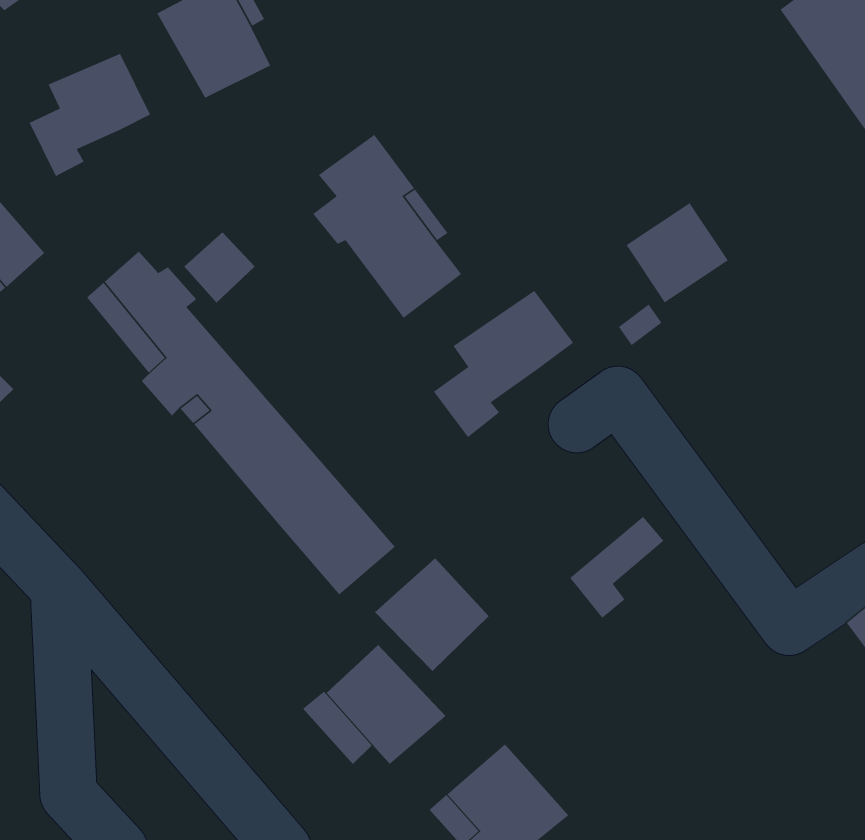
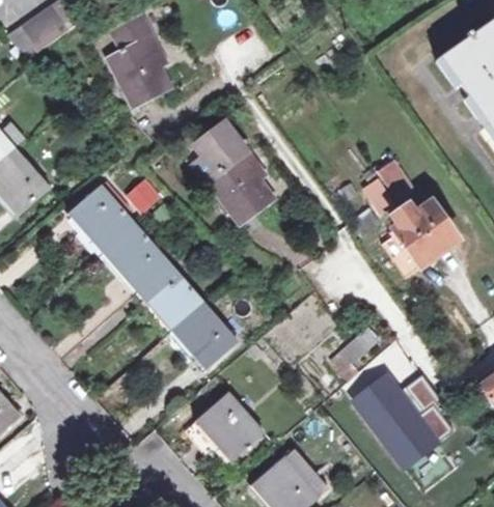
building: [28,53,151,177] -> none
building: none -> [392,204,459,269]
building: [433,290,574,438] -> none
building: [374,557,490,672] -> none
building: none -> [358,375,445,457]

